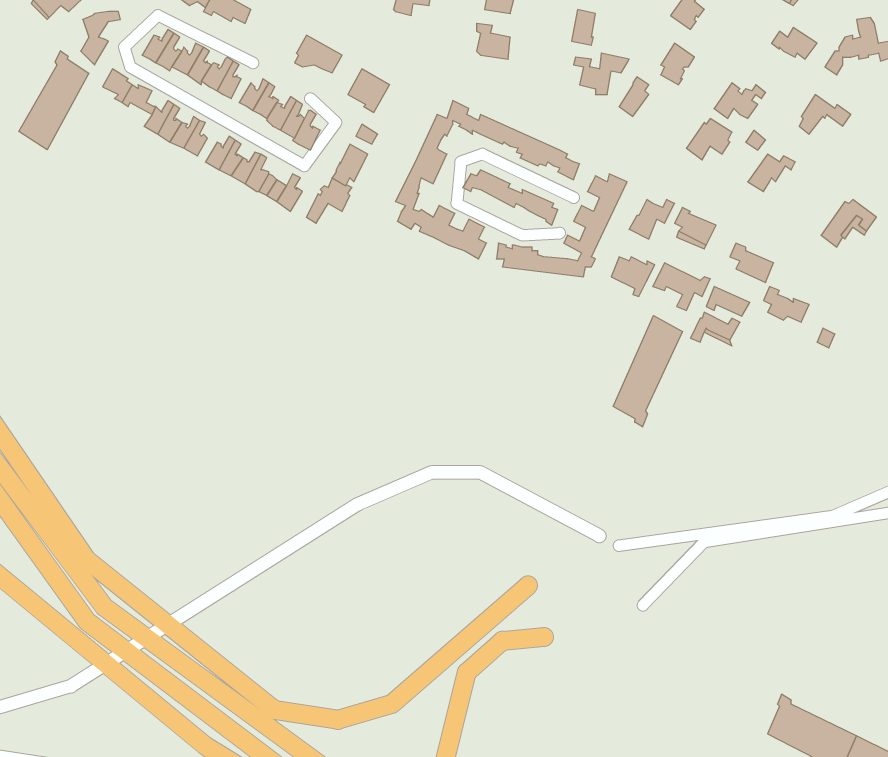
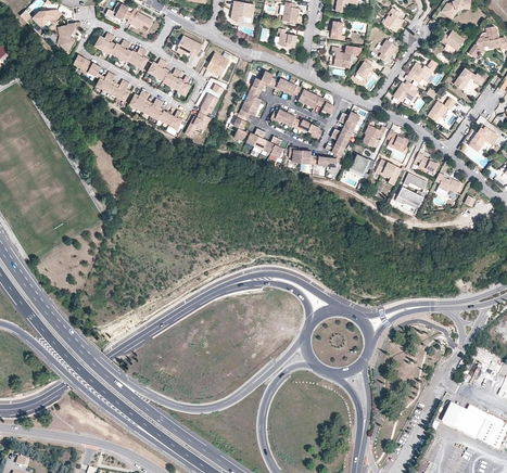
building: [19,51,89,150] -> none
building: [613,316,682,427] -> none

